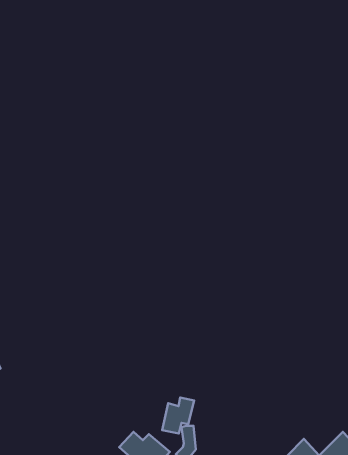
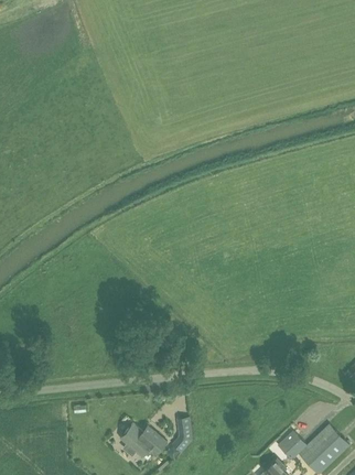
building: [162,398,194,434] -> none

